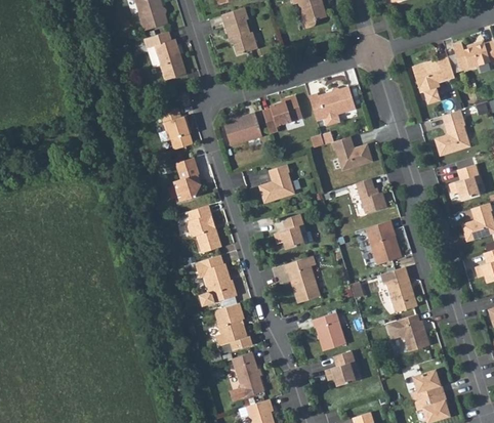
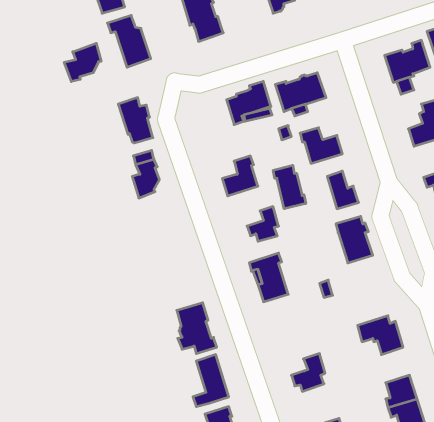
building: none -> [64,43,101,82]
building: [222,113,261,145] -> none
building: none -> [273,165,306,209]
building: [188,204,221,253] -> none
building: [195,254,237,302] -> none
building: [382,267,417,313] -> none
building: [311,313,344,351] -> none

